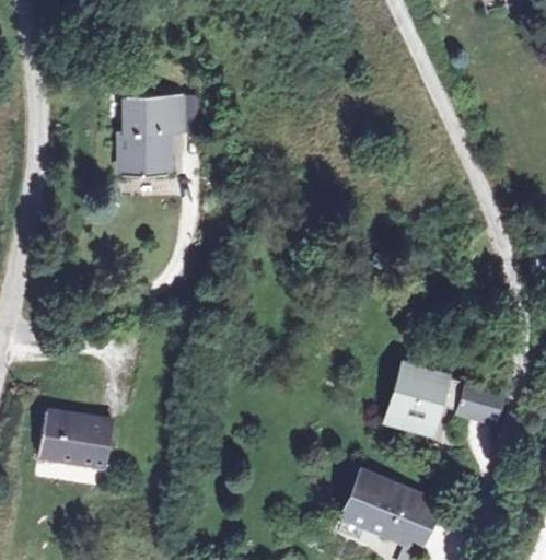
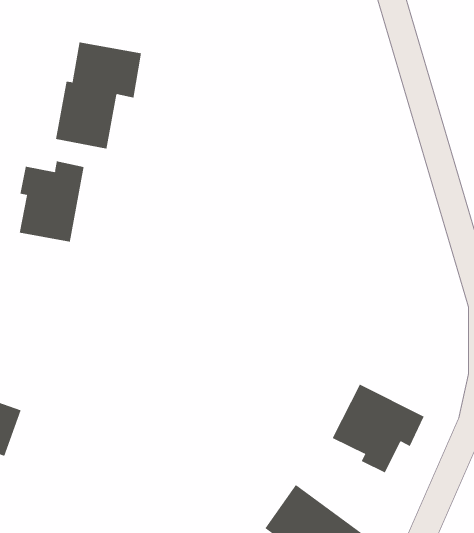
building: none -> [19,160,84,242]
building: [463,384,501,422] -> none

